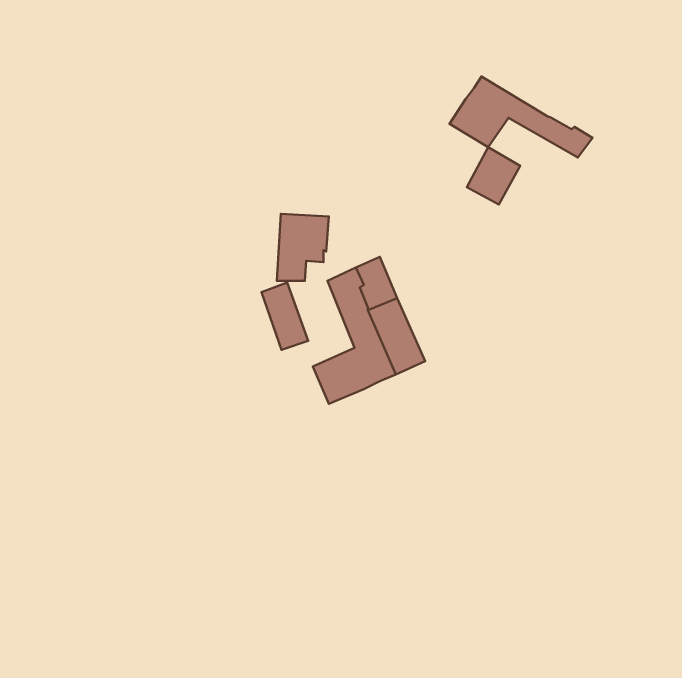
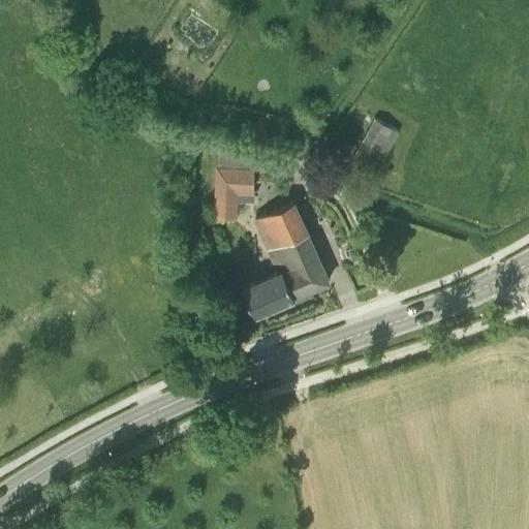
building: [449,76,592,158] -> none
building: [262,282,308,350] -> none

